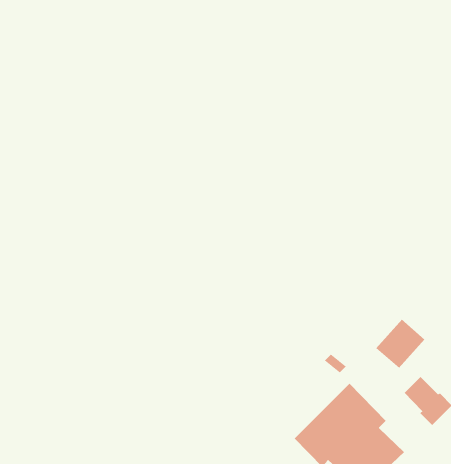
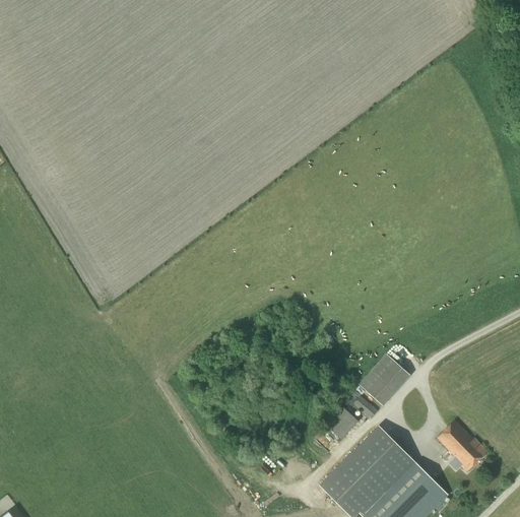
building: [376,319,425,369] -> [359,353,410,405]
building: none -> [326,406,359,440]

